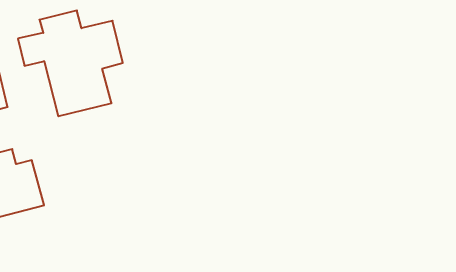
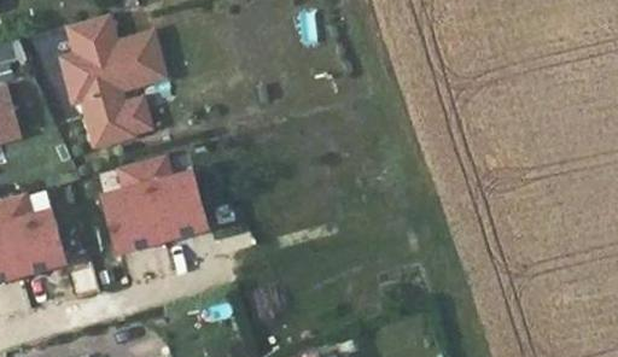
building: none -> [99,154,210,256]

